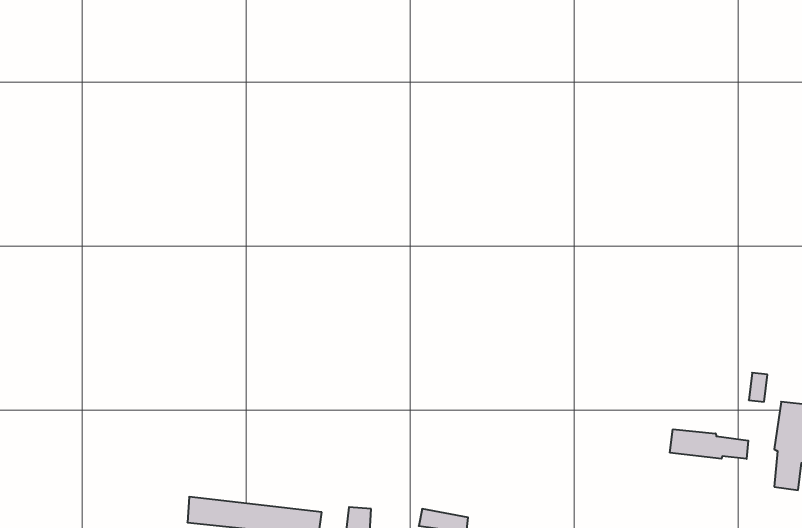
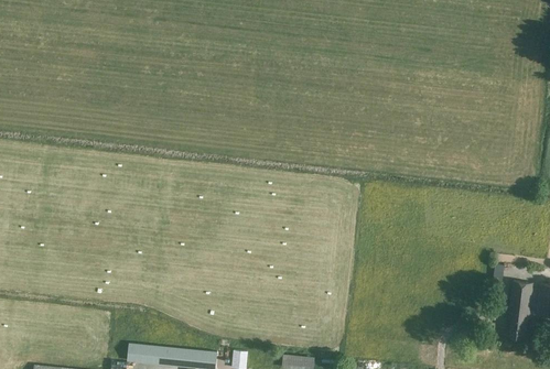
building: [670,429,748,459] -> none

